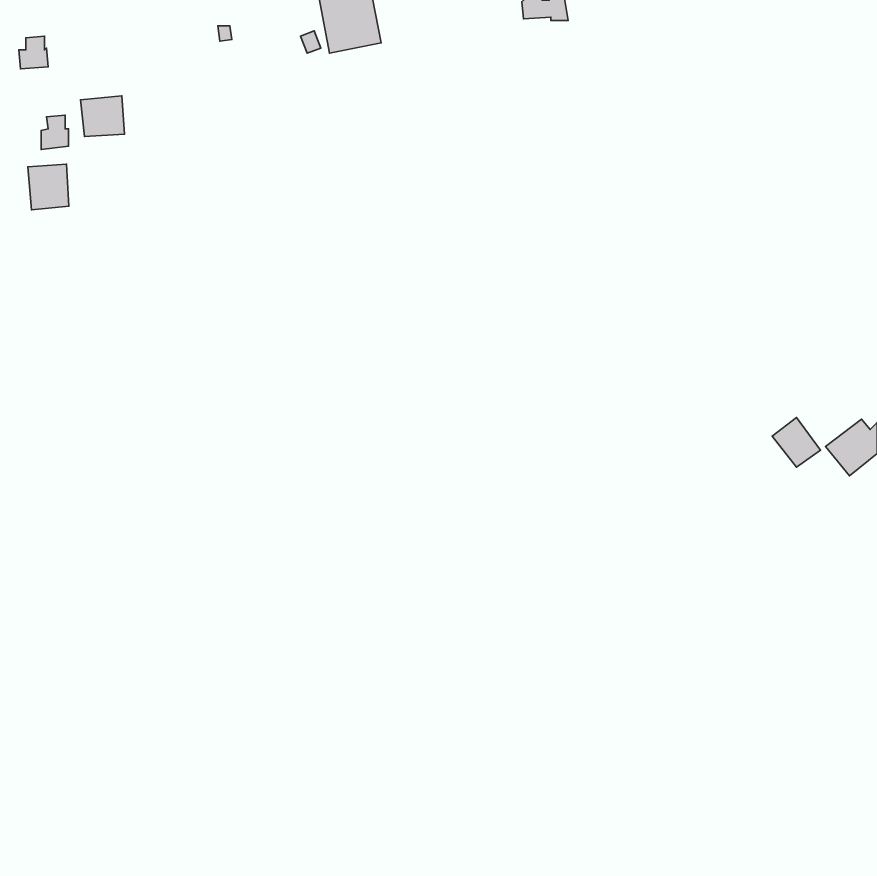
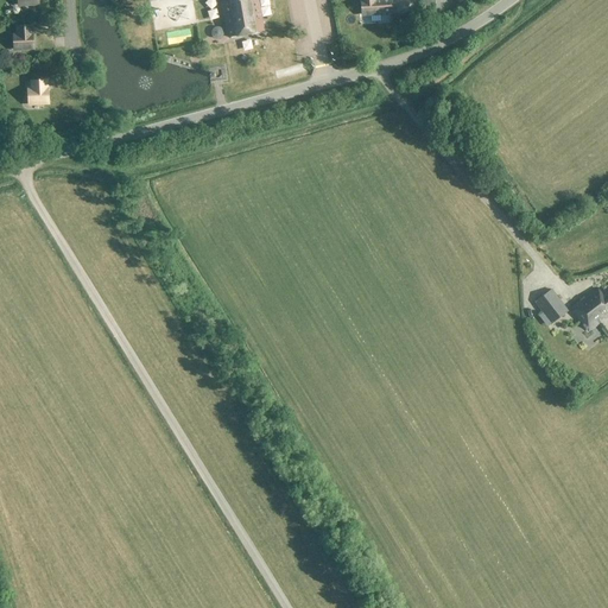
building: [81,96,124,136] -> none
building: [28,164,69,210] -> none

